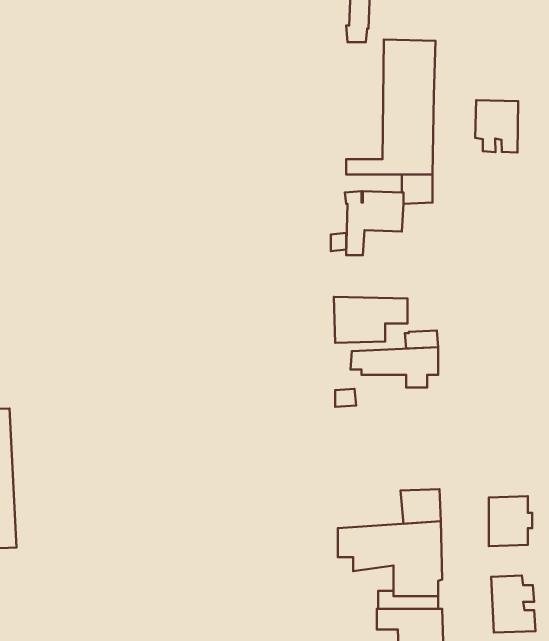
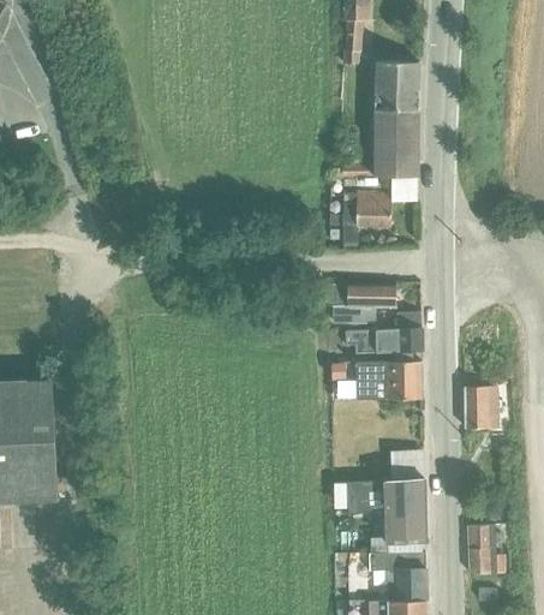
building: [475,100,518,153] -> none
building: none -> [357,362,423,399]
building: [489,496,532,546] -> [465,386,502,429]

